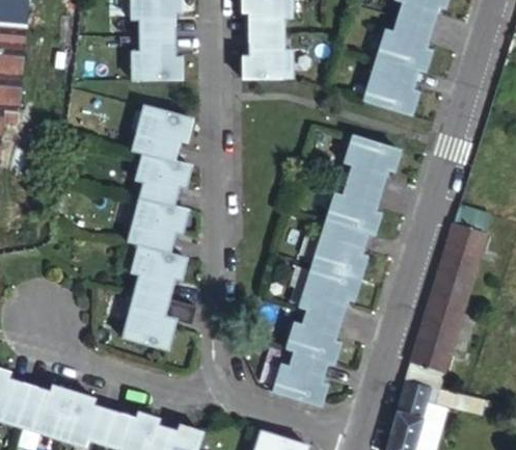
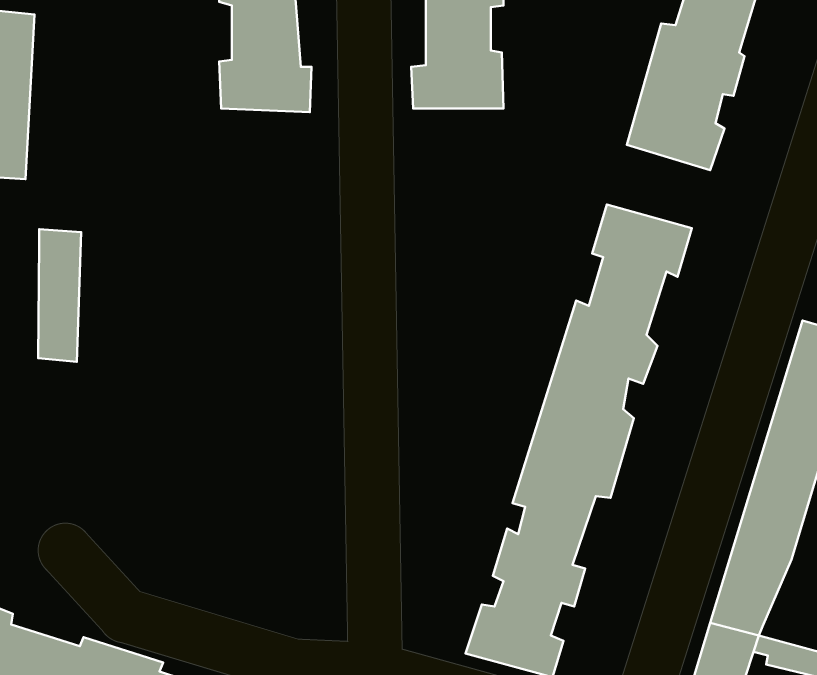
building: [124,106,197,348] -> none
building: none -> [38,229,81,362]

